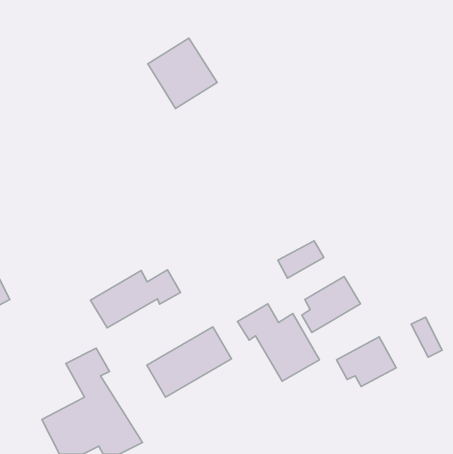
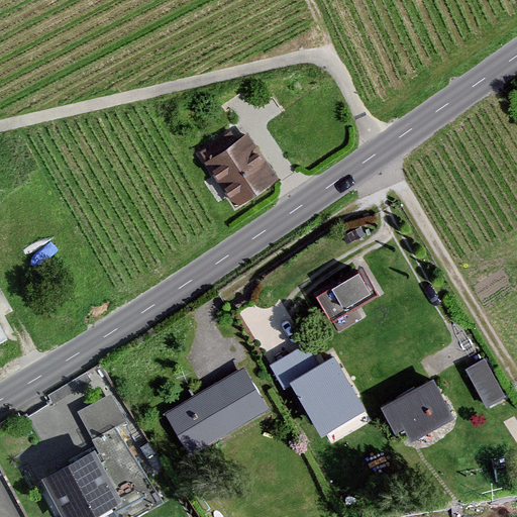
building: [148,38,217,108] -> [201,130,280,210]
building: [91,270,181,328] -> none
building: [302,276,360,332] -> none

